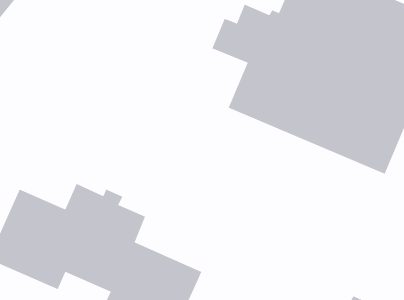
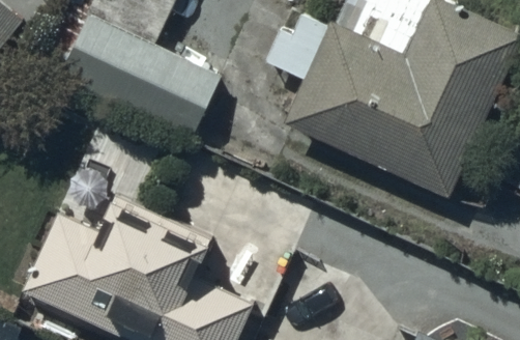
building: none -> [57,15,221,142]

